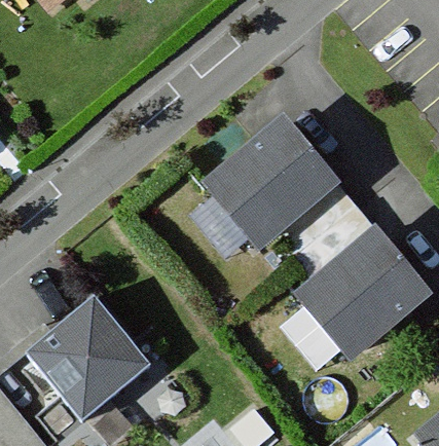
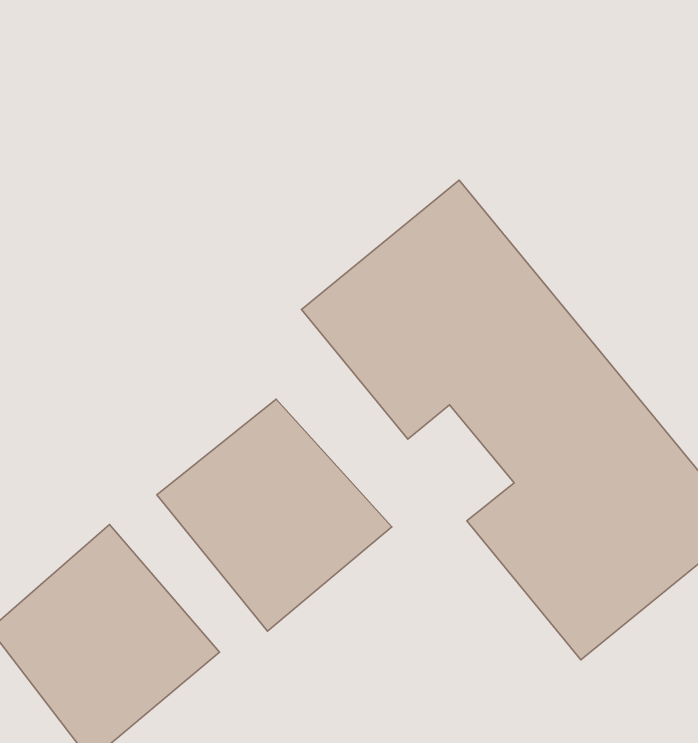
building: none -> [157,399,392,631]

